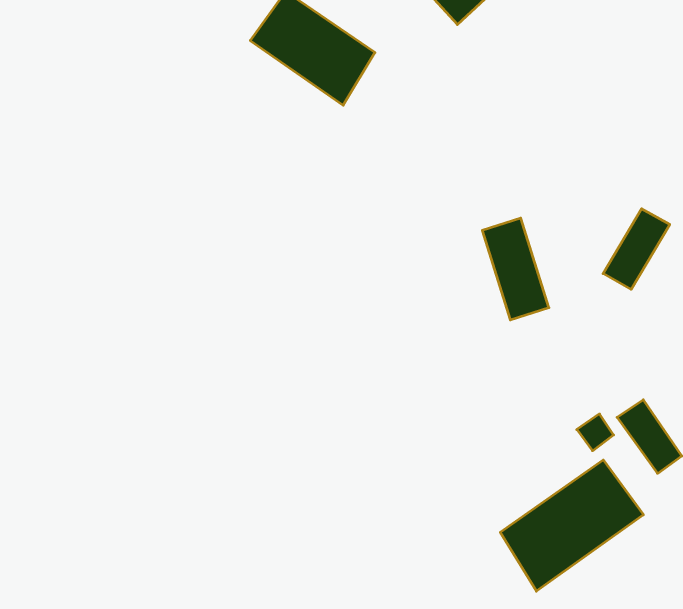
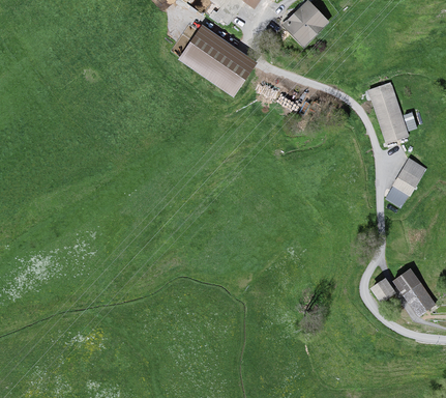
building: [482,218,549,320] -> [369,83,409,143]
building: [500,460,643,591] -> none

